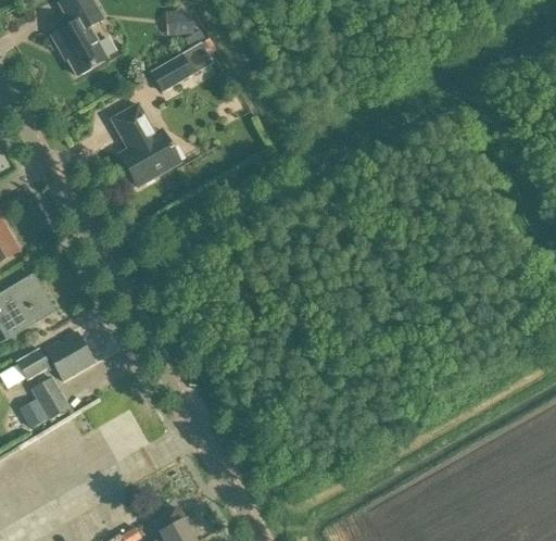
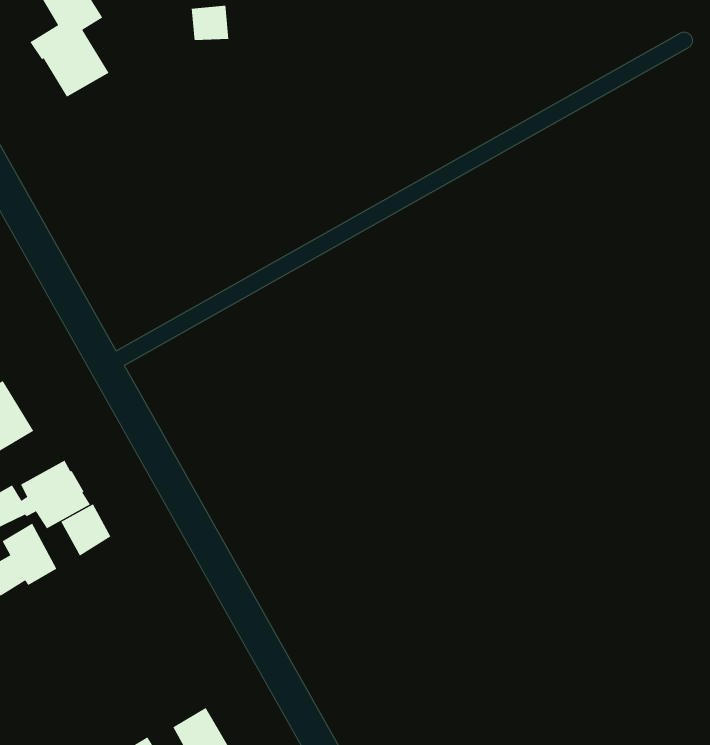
building: [149,41,212,92] -> none
building: [112,104,180,187] -> none
building: none -> [61,504,111,556]

